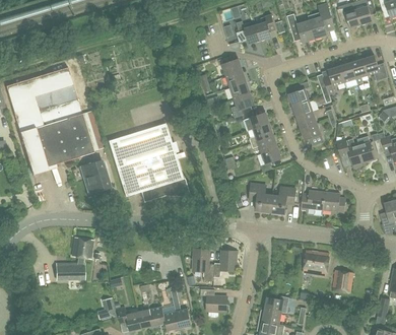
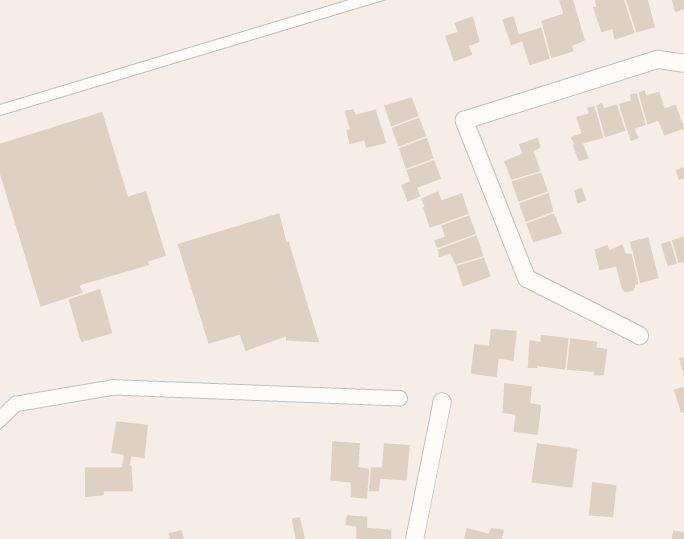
building: [236,21,260,44] -> [343,108,388,149]
building: [82,161,108,192] -> [68,288,114,343]
building: [249,183,271,212] -> [502,382,542,436]

